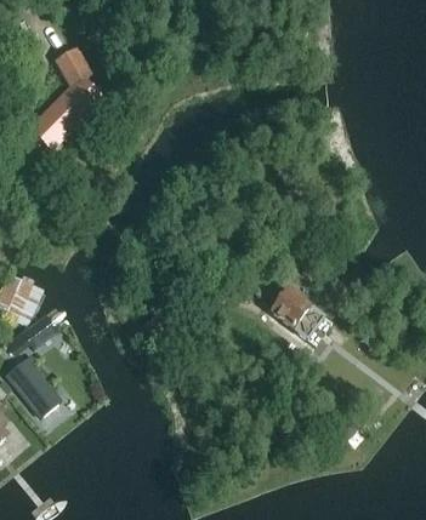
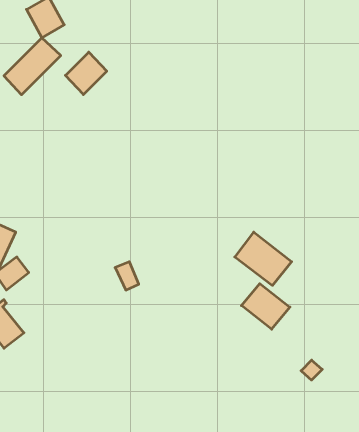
building: none -> [65,52,107,95]
building: none -> [241,284,290,329]

